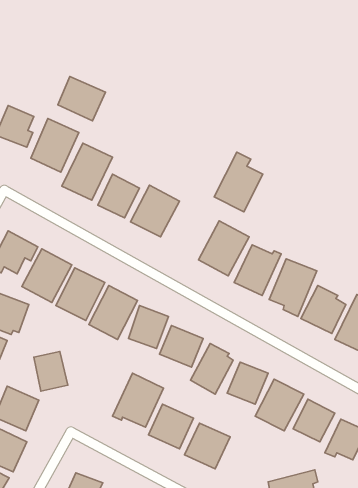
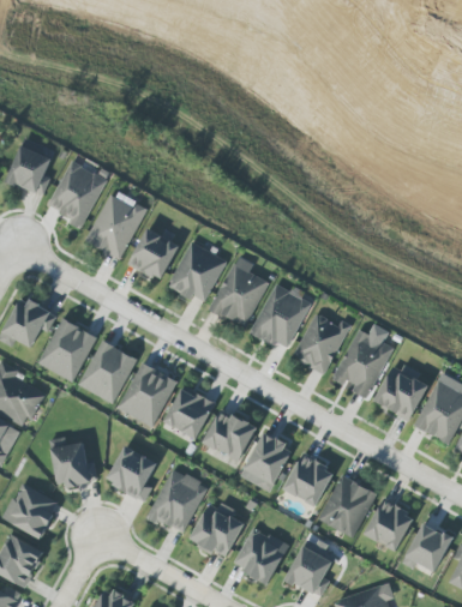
building: [58,77,106,121] -> none
building: [214,152,263,212] -> [209,256,268,327]
building: none -> [106,445,157,503]
building: none -> [284,543,331,597]

